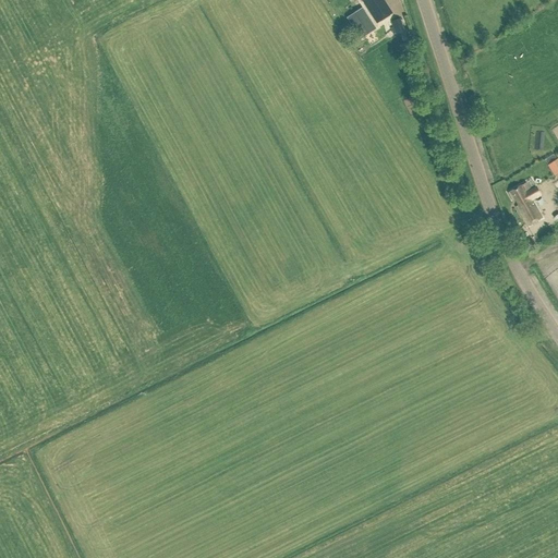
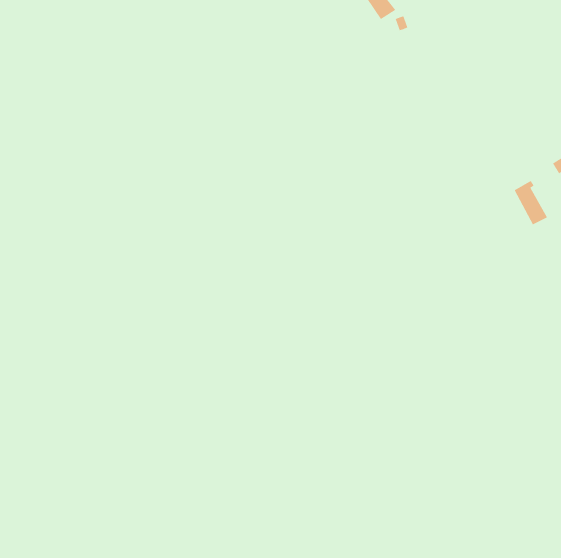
building: [349,4,377,35] -> none

